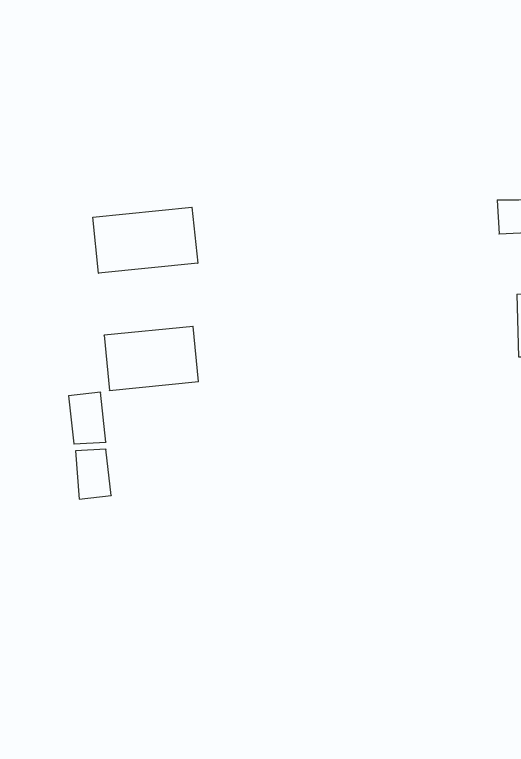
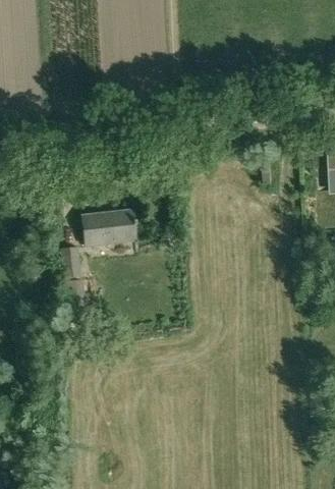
building: [93,207,198,273] -> none

